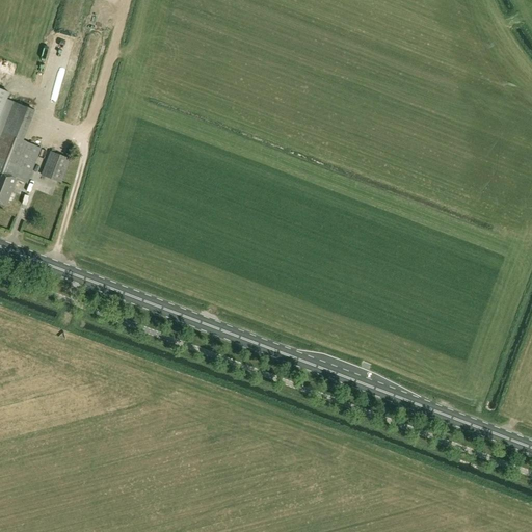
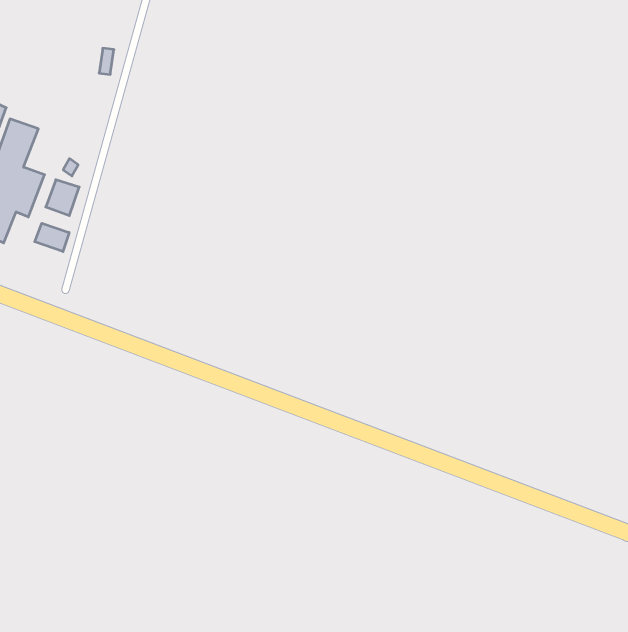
building: none -> [35,223,69,252]

